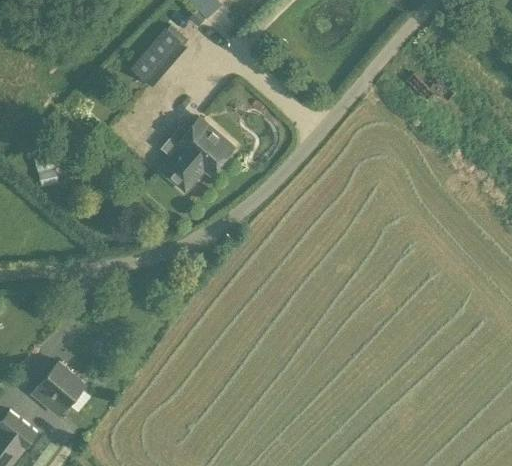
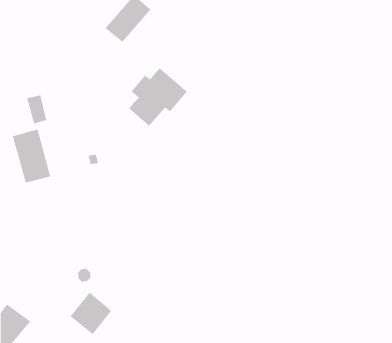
building: none -> [12,129,51,183]
building: [31,361,84,415] -> [69,291,112,335]

